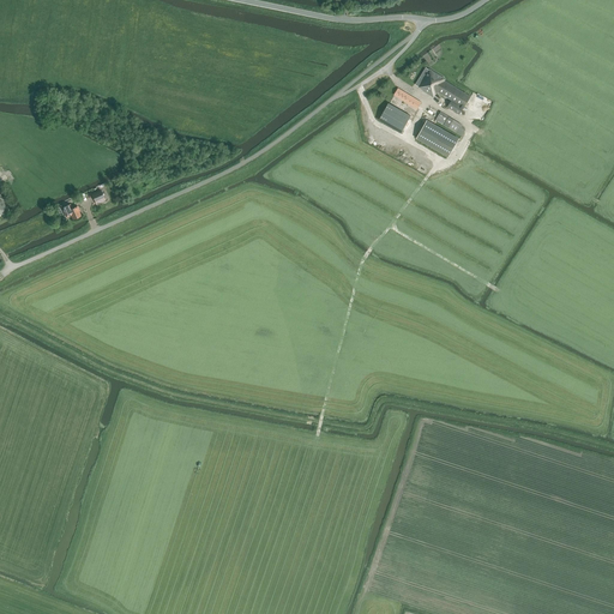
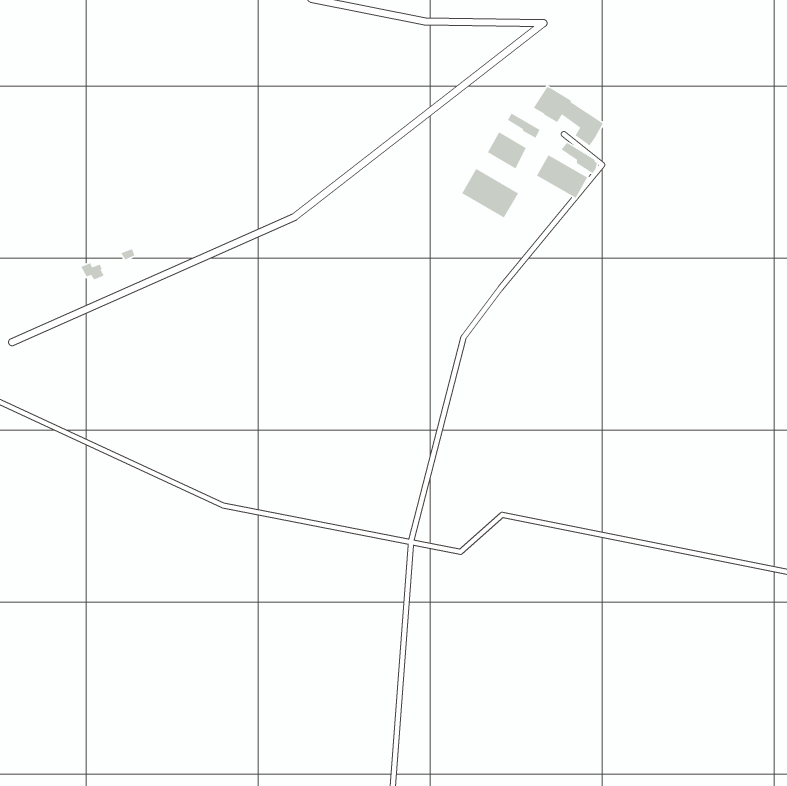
building: none -> [461,168,519,218]

